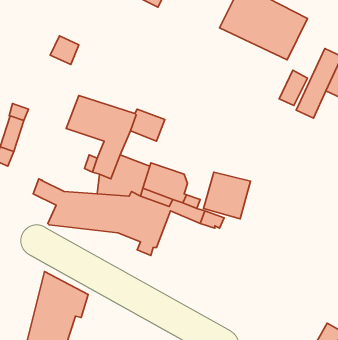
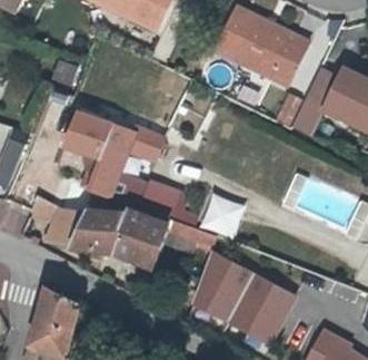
building: none -> [192,257,295,347]

